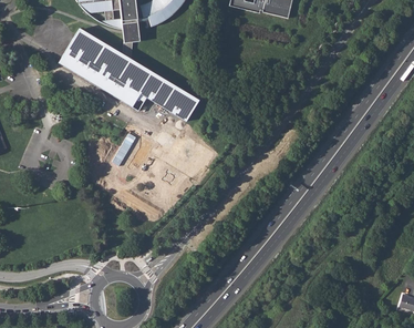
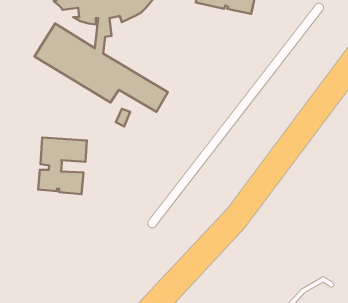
building: none -> [38,138,87,194]

